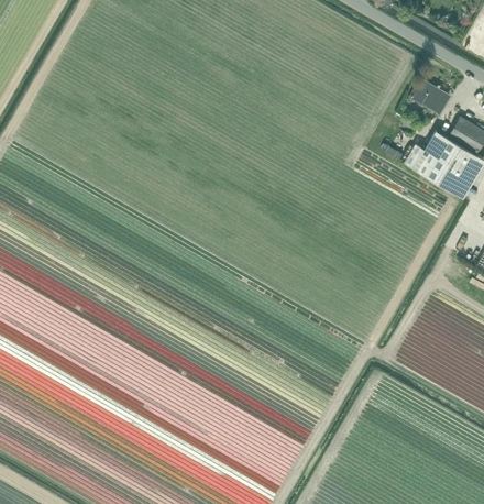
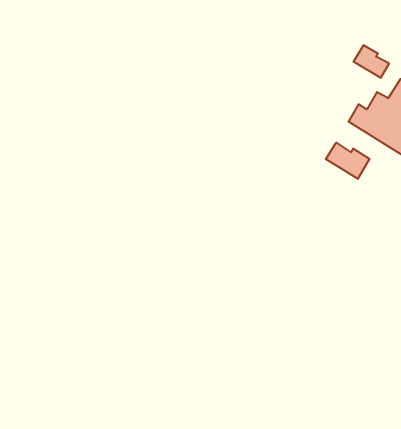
building: none -> [326,143,369,179]

